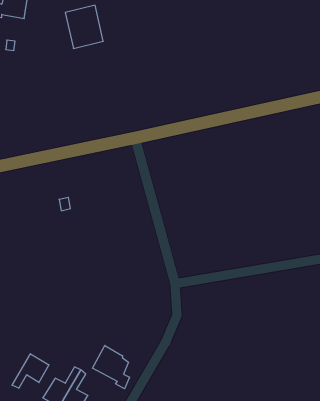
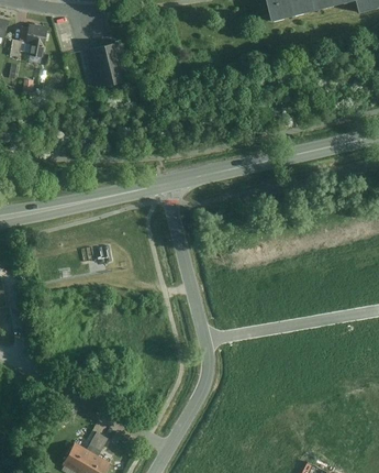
building: [93,345,129,389] -> none
building: [12,354,49,388] -> none

